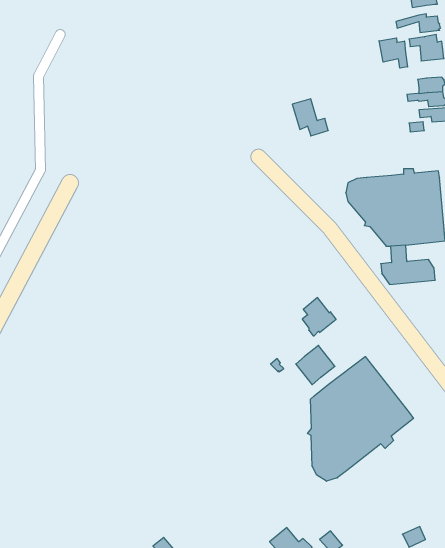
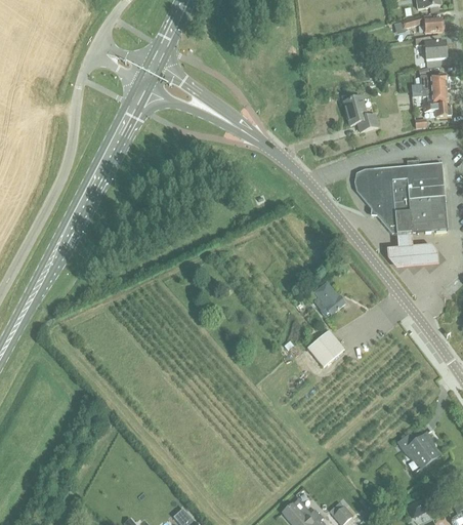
building: [379,38,408,68] -> none
building: [292,99,328,136] -> [344,96,378,131]
building: [308,357,413,481] -> none
building: none -> [398,434,437,467]

